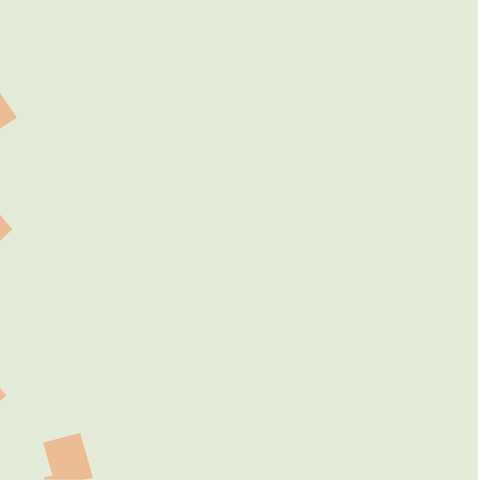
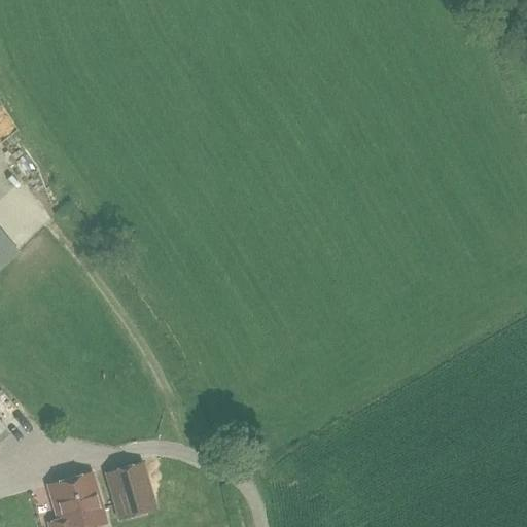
building: none -> [105,464,152,519]

